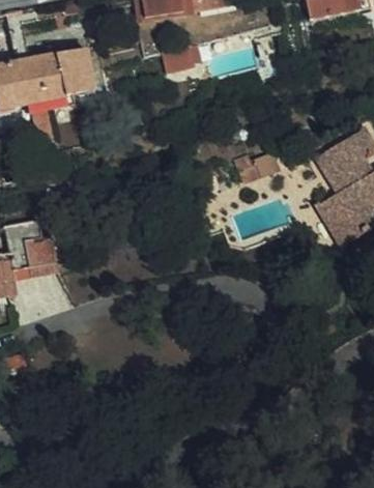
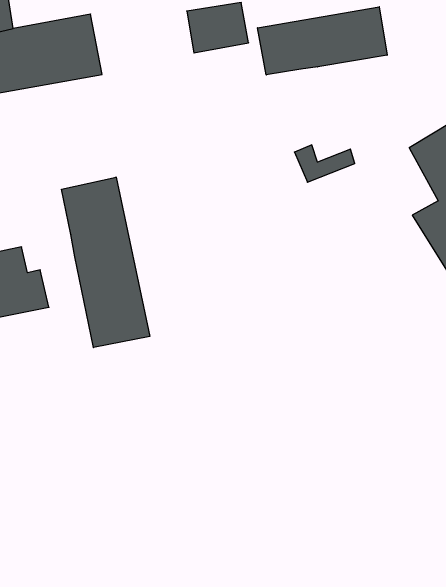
building: none -> [258,7,387,75]
building: none -> [62,177,150,348]

